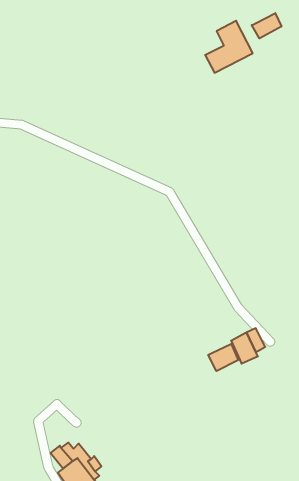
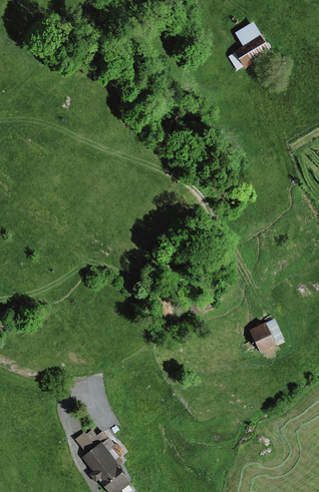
building: [252,13,281,38] -> none
building: [208,344,238,371] -> none

